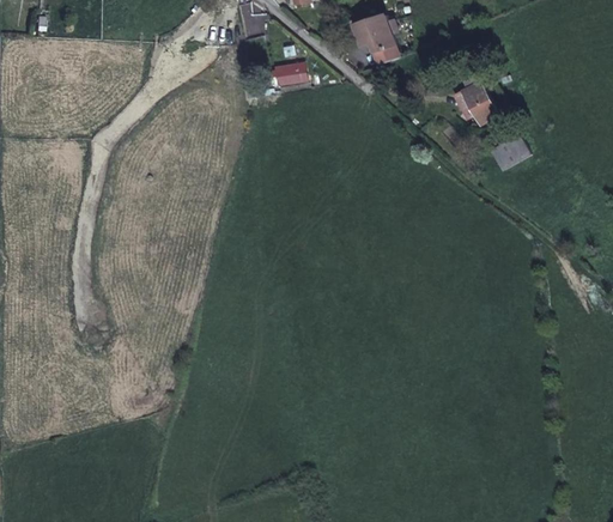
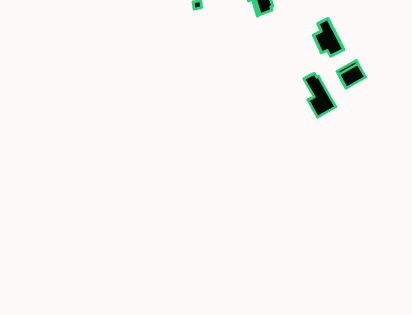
building: [274,62,305,84] -> none
building: none -> [304,74,336,117]

